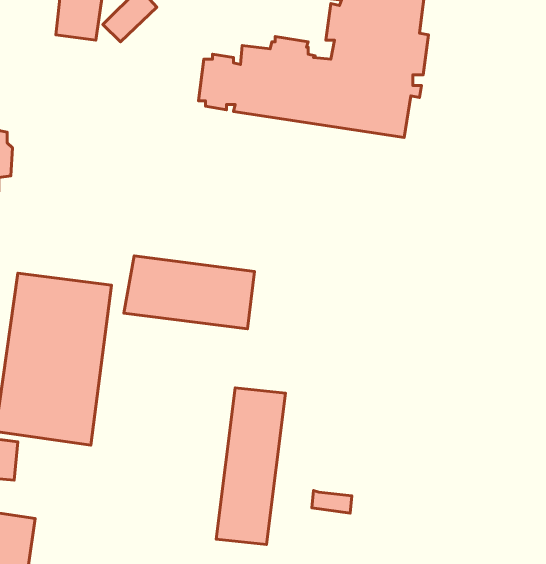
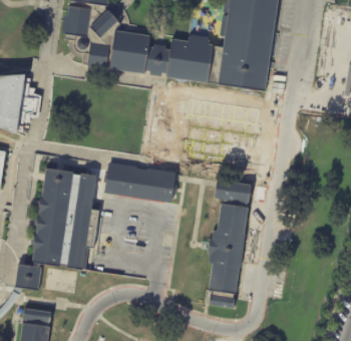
building: none -> [86,28,150,76]
building: none -> [217,181,254,204]
building: [216,388,286,544] -> [208,206,248,296]

